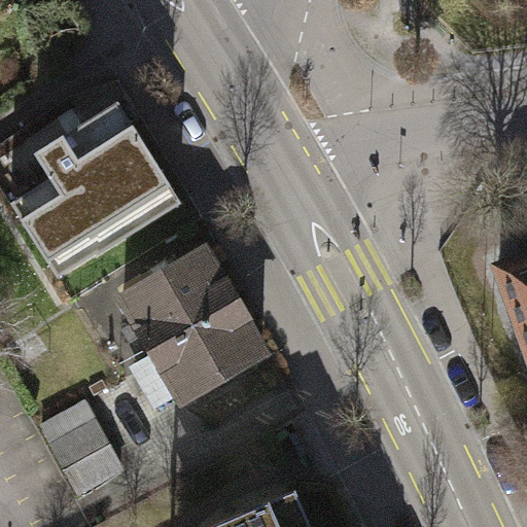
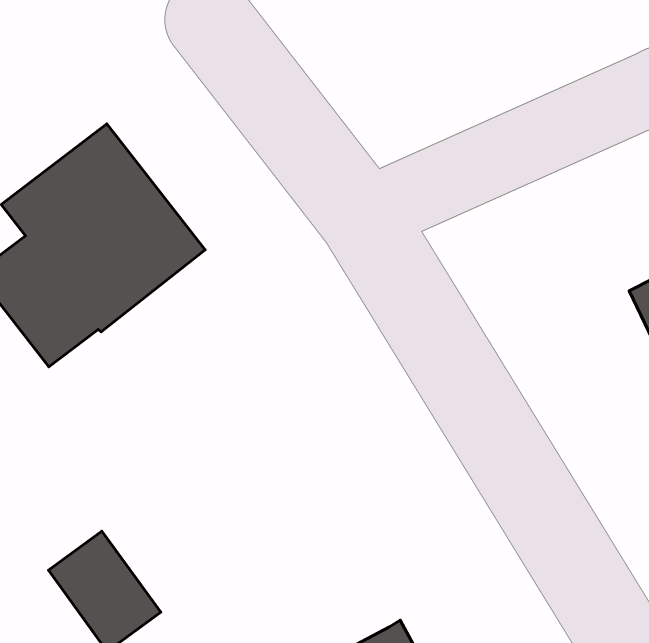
building: [124,252,264,398] -> none

